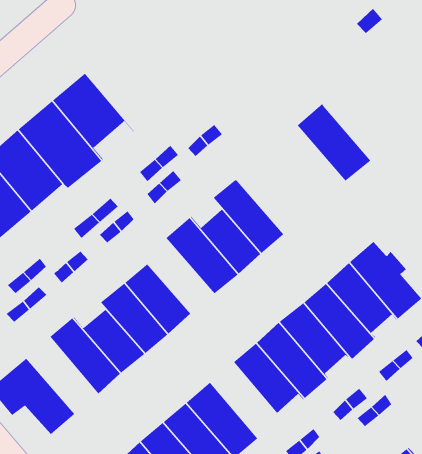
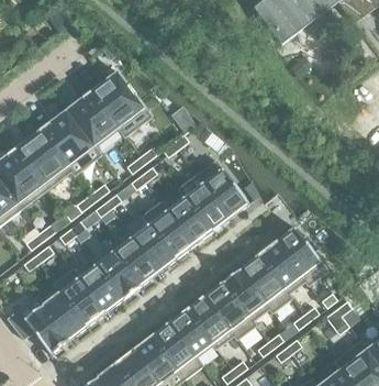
building: none -> [90,71,151,136]
building: [297,103,371,181] -> [196,159,248,218]
building: none -> [127,216,175,272]
building: none -> [35,283,86,340]
building: none -> [168,309,215,366]

